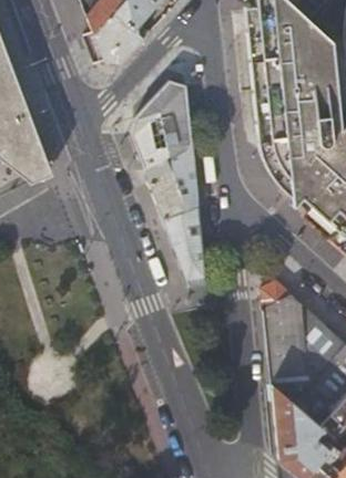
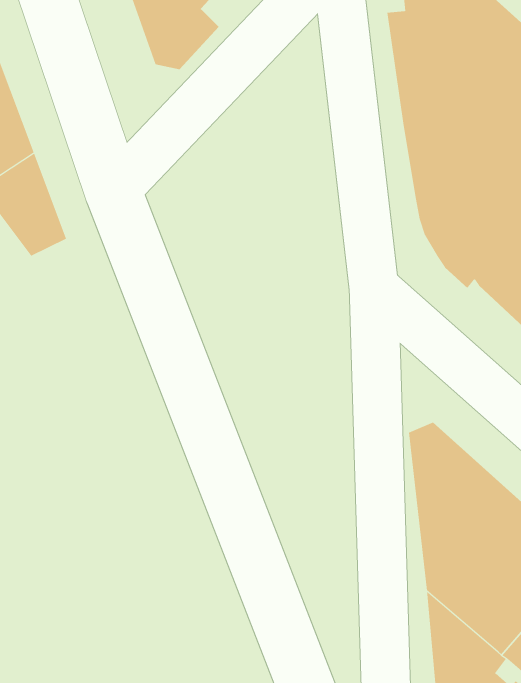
building: [133,82,206,288] -> none

